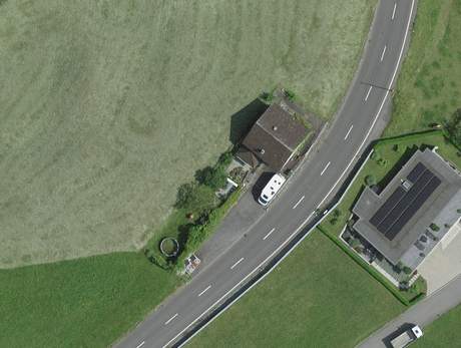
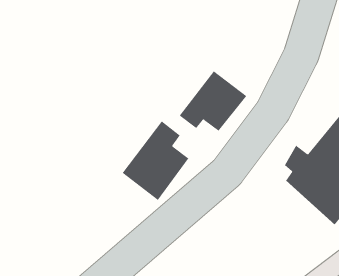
building: none -> [122,121,189,201]

